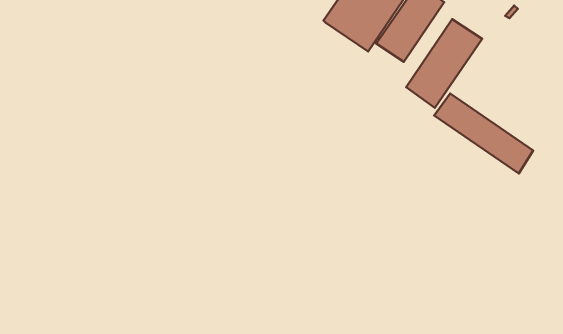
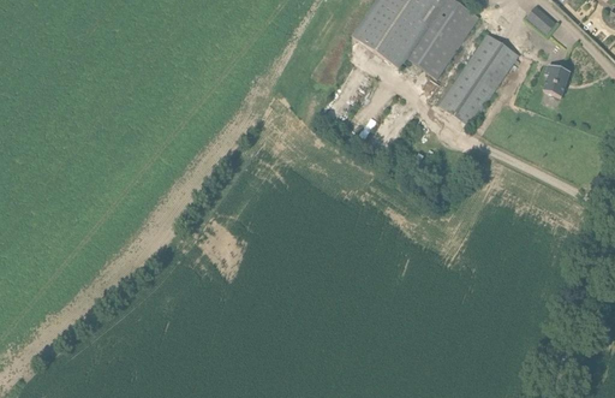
building: none -> [543,61,571,95]
building: [434,94,533,174] -> none

